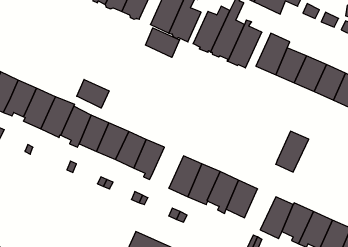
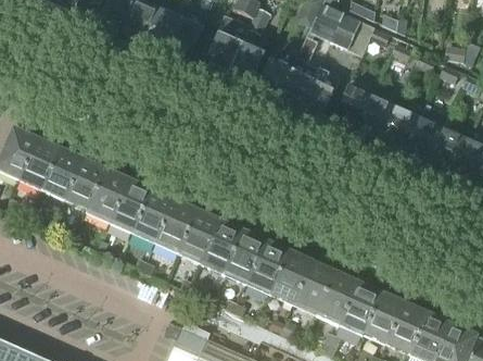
building: [146,28,180,57] -> none
building: [77,79,109,108] -> none
building: [276,131,309,172] -> [315,273,356,324]
building: none -> [201,221,241,267]

